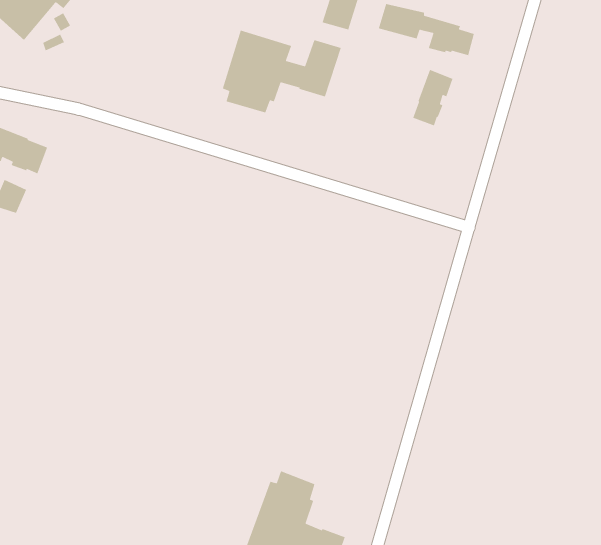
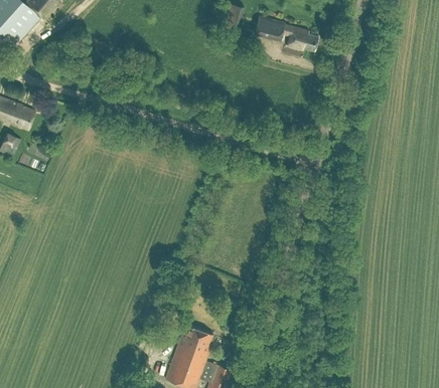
building: [222,29,342,114] -> none
building: [412,69,453,126] -> none

